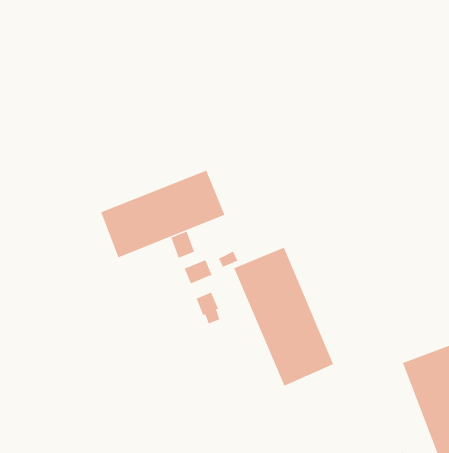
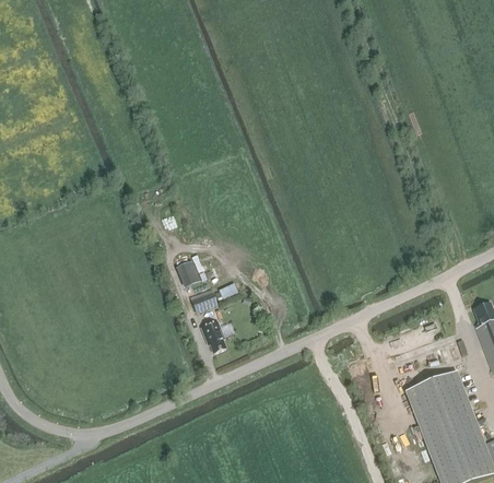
building: [101,170,225,258] -> none
building: [233,247,334,386] -> none

